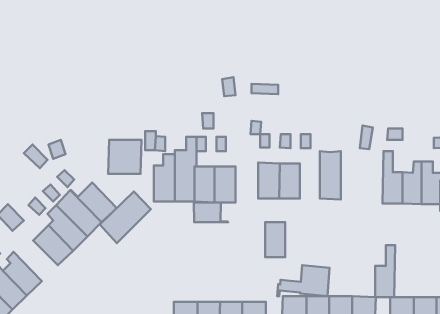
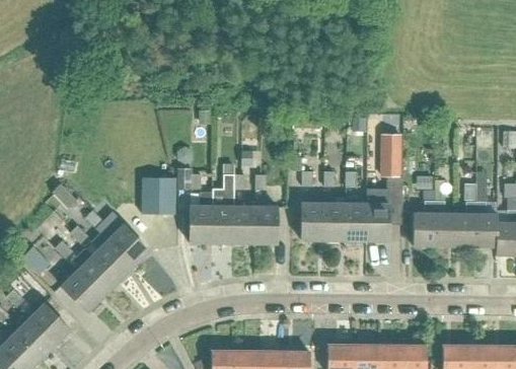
building: none -> [380,134,401,177]
building: [100,192,151,243] -> none
building: [194,202,228,222] -> none
building: [265,222,285,257] -> [346,203,367,240]
building: [375,245,395,297] -> [414,190,435,245]
building: [277,265,329,296] -> none

